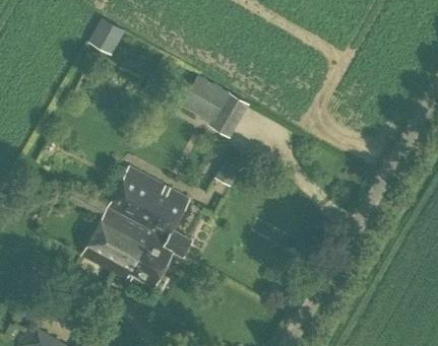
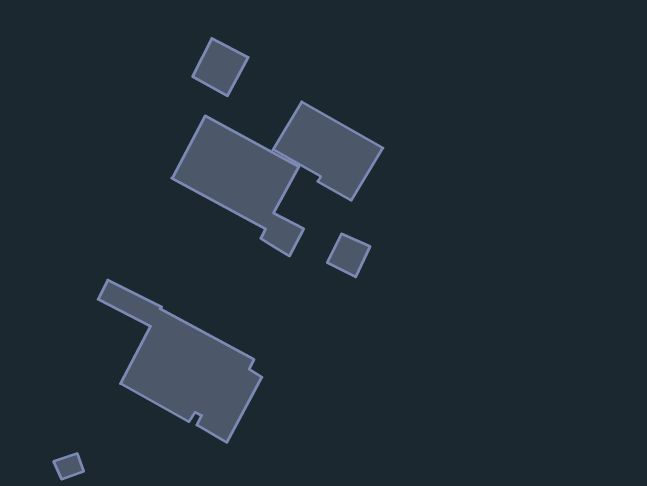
building: [89,18,125,55] -> [193,38,248,96]
building: [108,167,192,257] -> [172,116,304,256]

